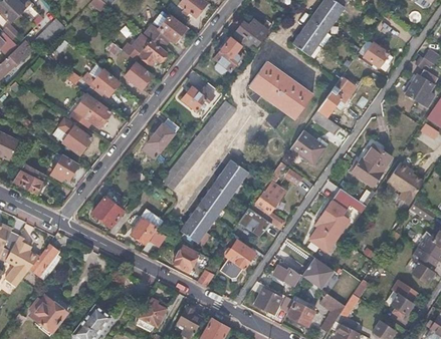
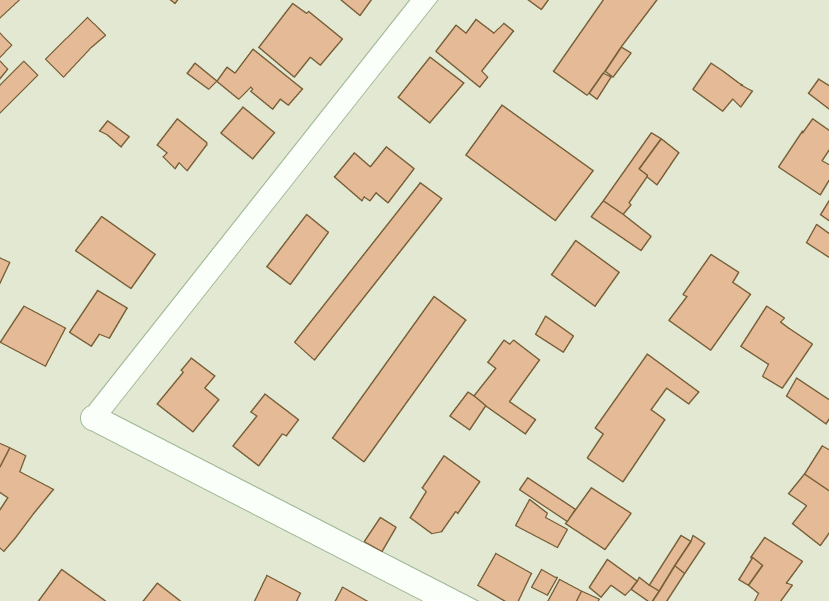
building: [69,93,109,127] -> none
building: [30,244,60,279] -> none
building: [175,244,199,272] -> none

